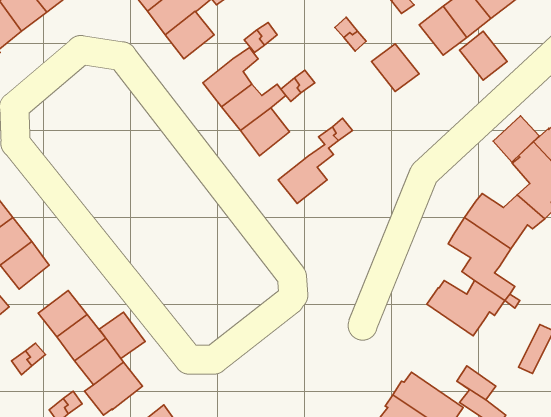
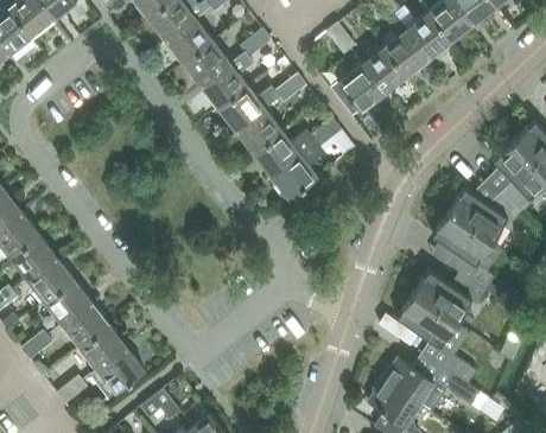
building: [459,31,507,80] -> [382,31,427,77]
building: none -> [183,40,229,85]
building: none -> [336,65,382,113]
building: [493,116,539,162] -> none
building: none -> [254,129,316,177]
building: none -> [27,257,74,303]
building: none -> [396,294,456,348]
building: [99,312,145,358] -> none

